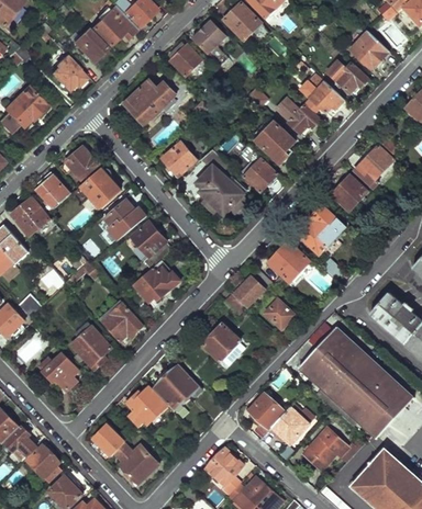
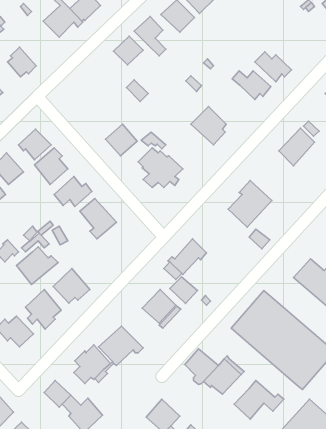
building: [73,30,103,63] -> none
building: [349,32,388,70] -> none
building: [125,73,188,124] -> none
building: [276,99,322,137] -> none
building: [243,159,277,192] -> none
building: [331,176,367,212] -> none
building: [268,241,309,283] -> none
building: [133,263,179,305] -> [17,247,58,284]
building: [264,299,295,329] -> [170,277,197,303]

